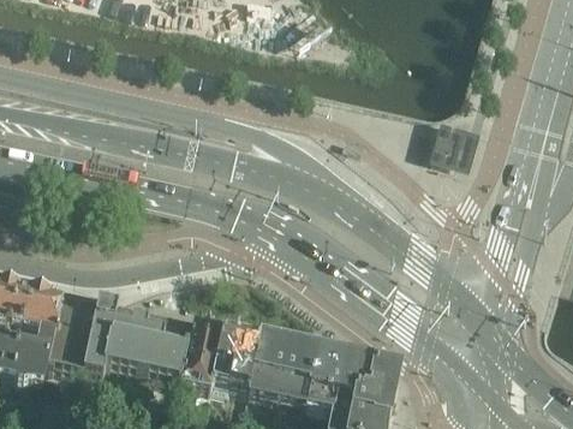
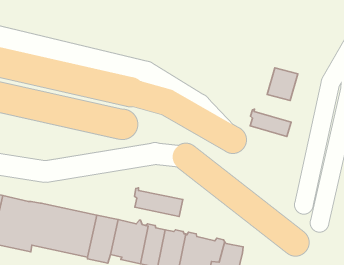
building: none -> [250,109,291,137]
building: none -> [135,188,183,216]

